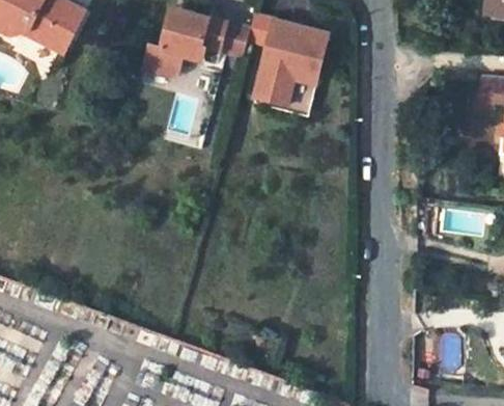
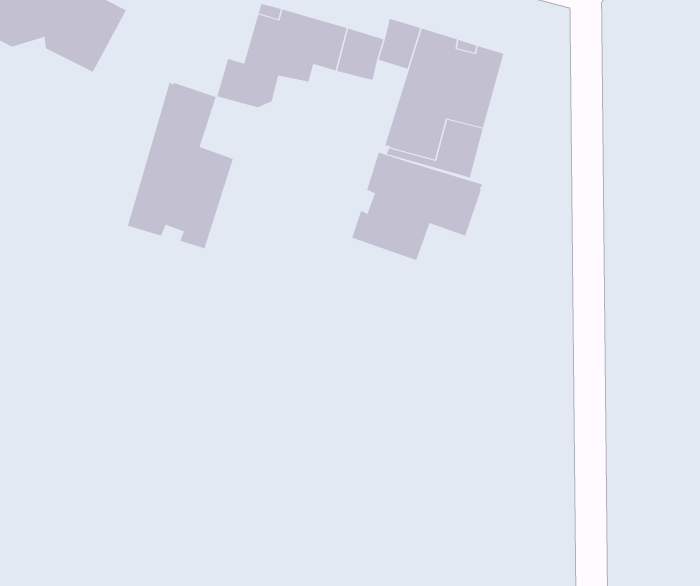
building: none -> [127,81,234,249]
building: none -> [352,152,483,261]

